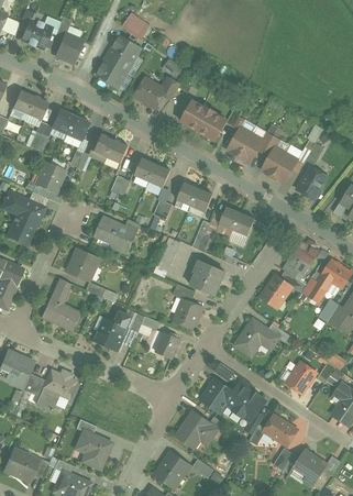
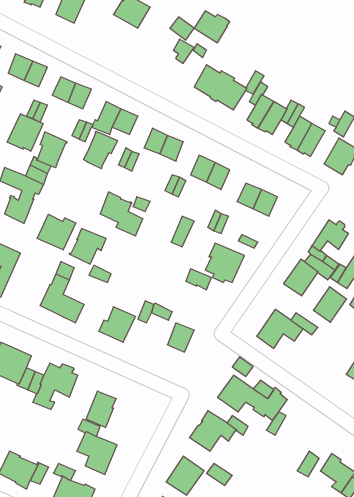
building: [97,55,129,87] -> none
building: [133,80,165,109] -> [194,11,230,43]
building: none -> [7,114,43,151]
building: none -> [84,131,117,169]
building: none -> [37,214,76,250]
building: [173,298,201,329] -> none
building: [286,362,316,394] -> [313,287,347,322]
building: none -> [86,391,116,428]
building: [262,415,296,447] -> none

